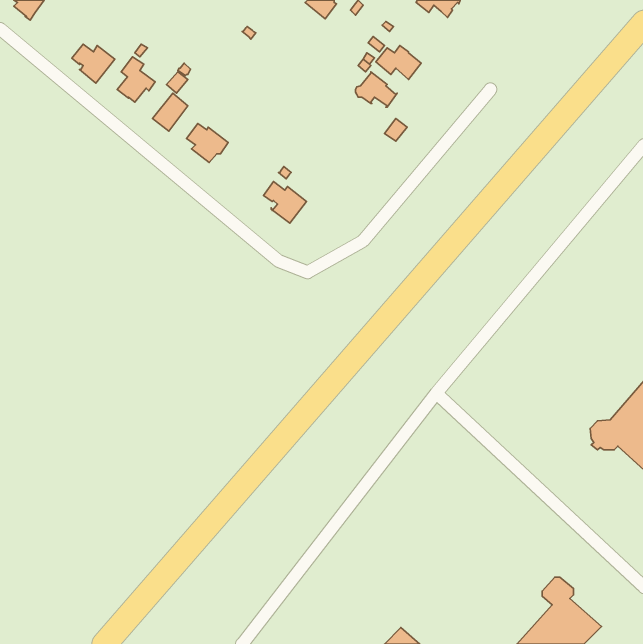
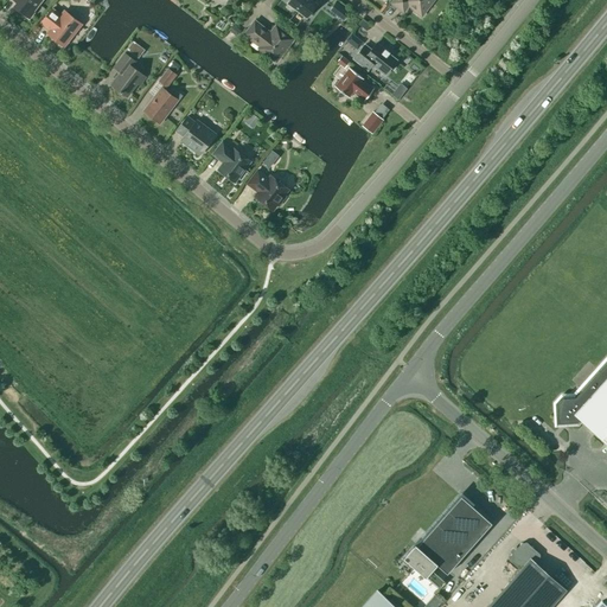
building: none -> [245,21,294,60]
building: [72,44,115,83] -> [41,9,82,46]
building: none -> [215,142,251,181]
building: none -> [404,496,492,589]

